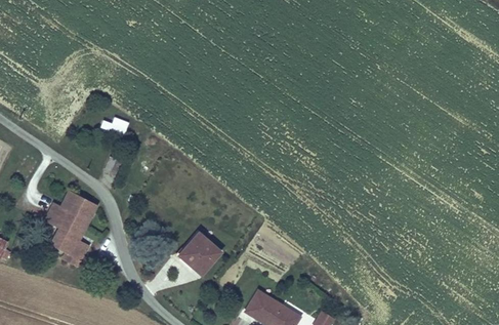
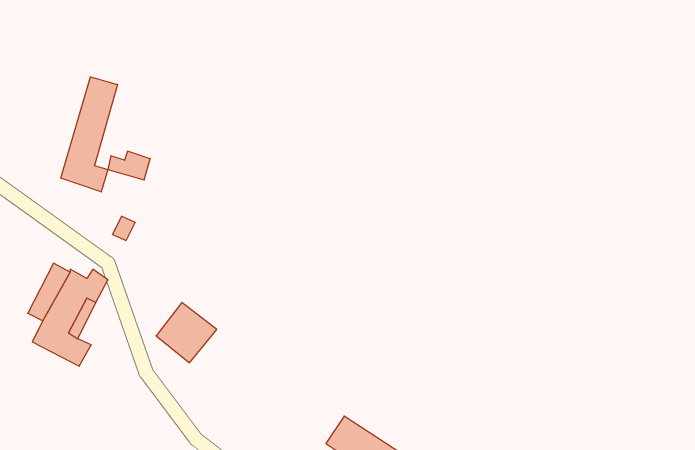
building: none -> [61,77,117,192]
building: [177,234,218,275] -> [156,302,217,363]

